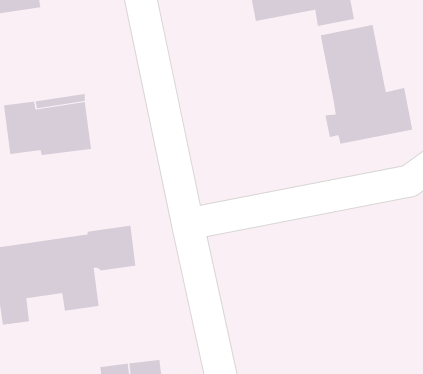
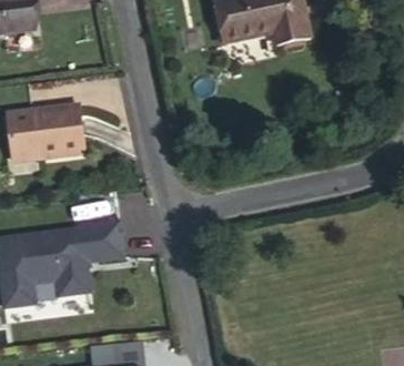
building: [320,24,413,144] -> none

